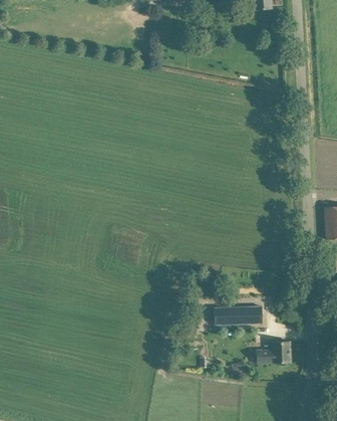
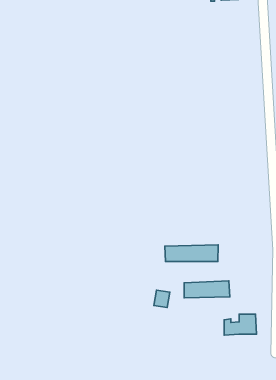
building: none -> [165,245,218,262]

